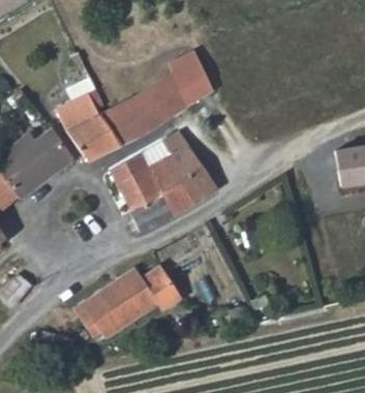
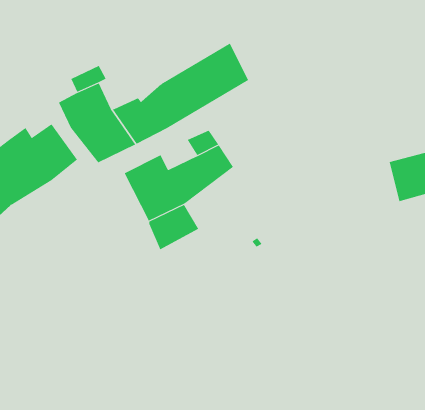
building: [159,162,218,216] -> none
building: [71,266,183,338] -> none

